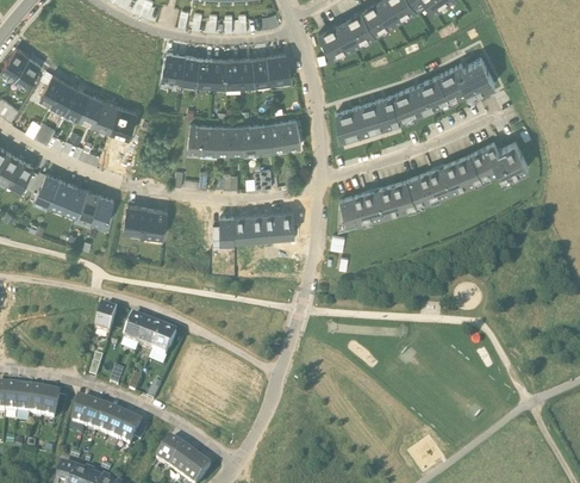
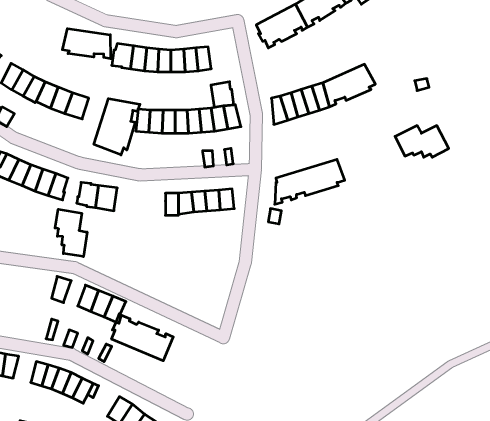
building: none -> [62,29,111,59]
building: [266,54,291,81] -> [211,82,234,107]
building: [436,60,494,98] -> none
building: none -> [94,99,140,155]
building: [406,155,480,203] -> none
building: none -> [55,209,87,257]
building: none -> [112,315,173,361]

